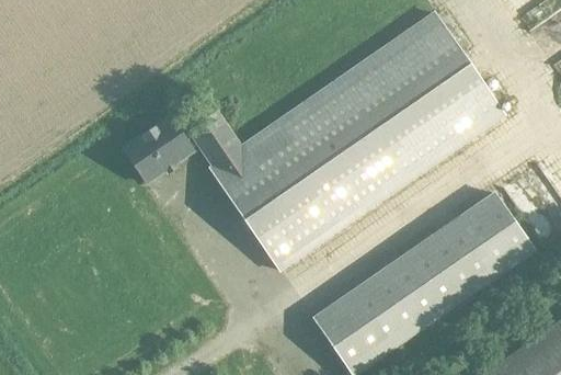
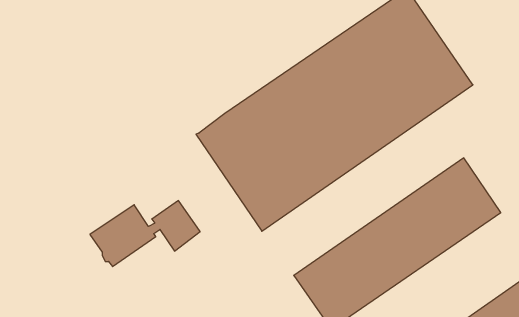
building: [123,112,240,182] -> [90,201,200,267]

